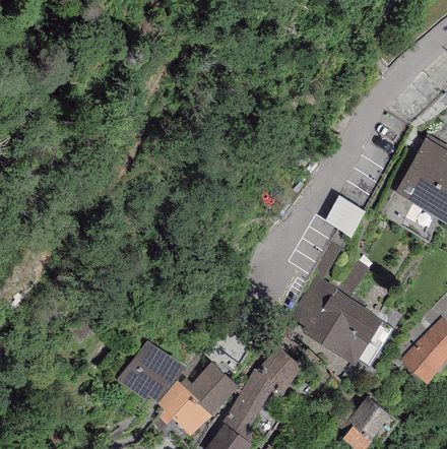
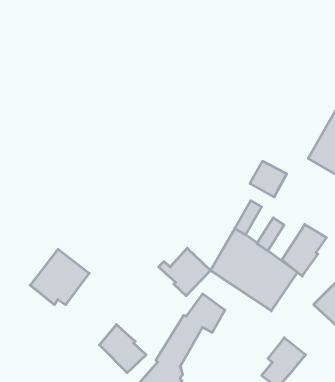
building: none -> [282,224,326,276]
building: [117,339,184,402] -> [30,249,89,305]
building: [180,362,239,415] -> [159,248,211,296]

